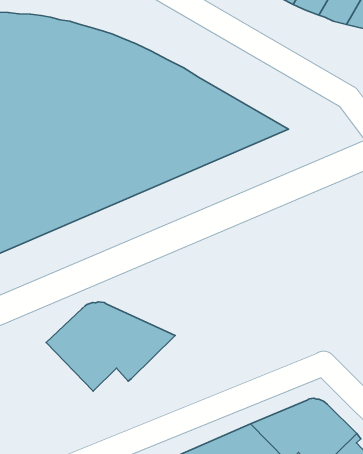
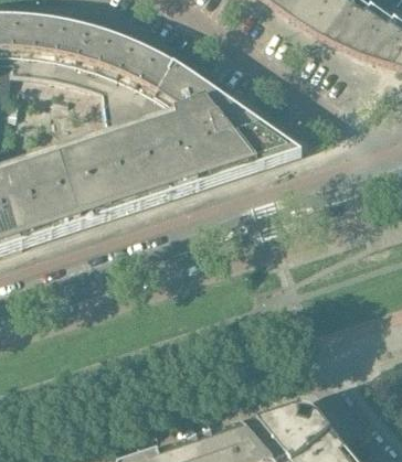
building: [46,302,175,391] -> none

